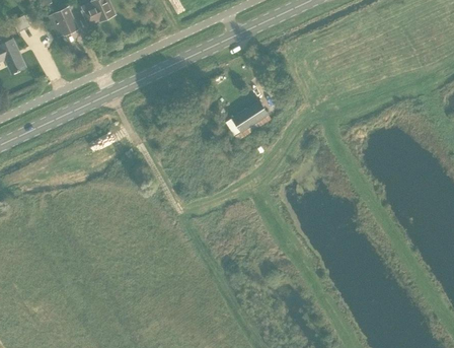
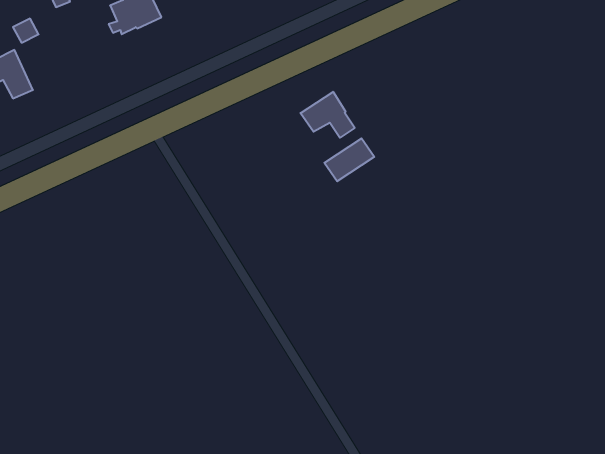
building: [49,8,77,37] -> none
building: none -> [300,92,355,138]

